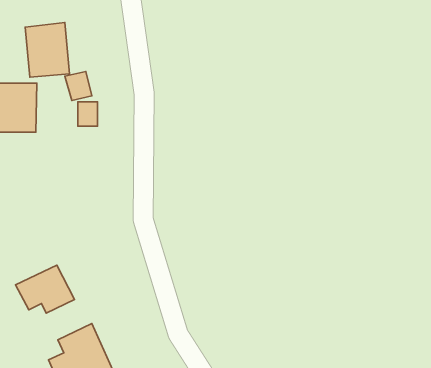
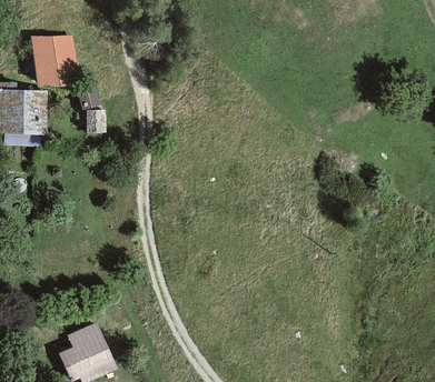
building: [15,265,75,313] -> none

